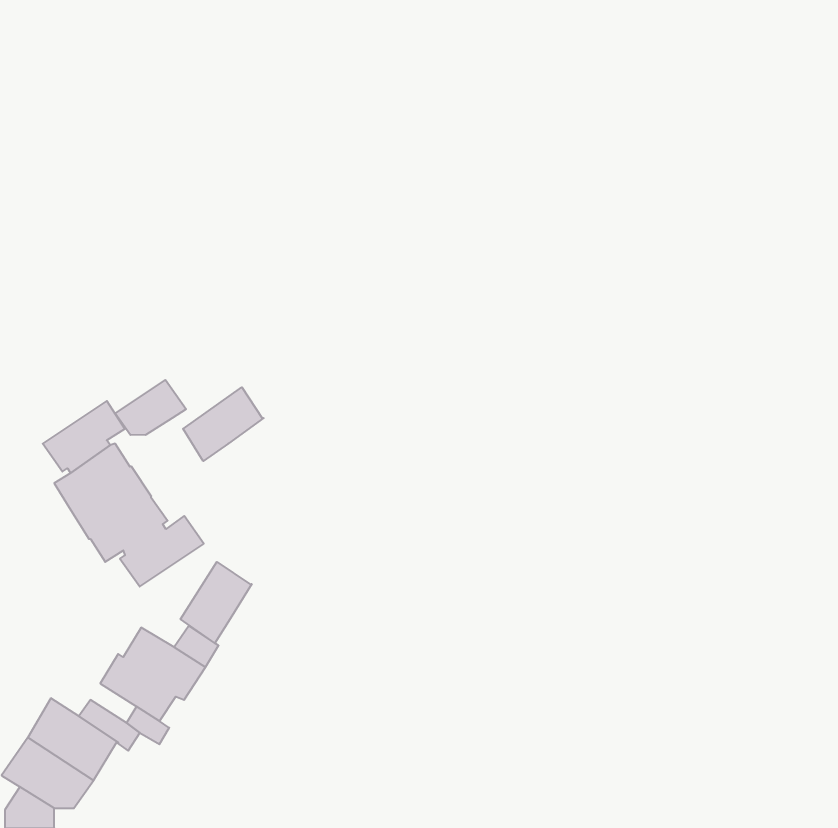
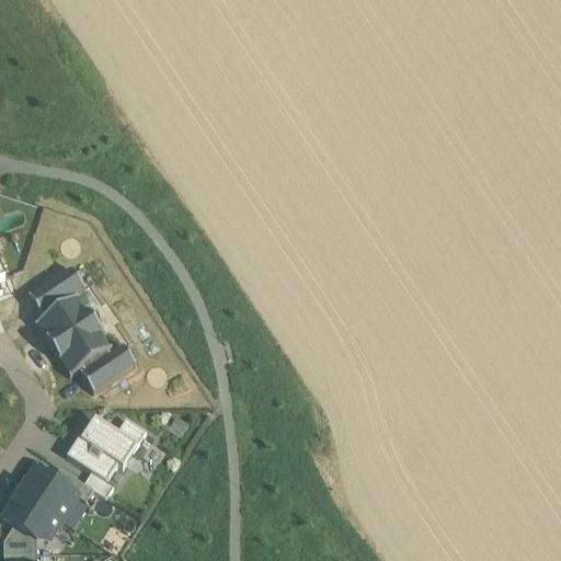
building: [115,380,186,435] -> none
building: [183,387,264,461] -> none
building: [181,562,252,643] -> none

